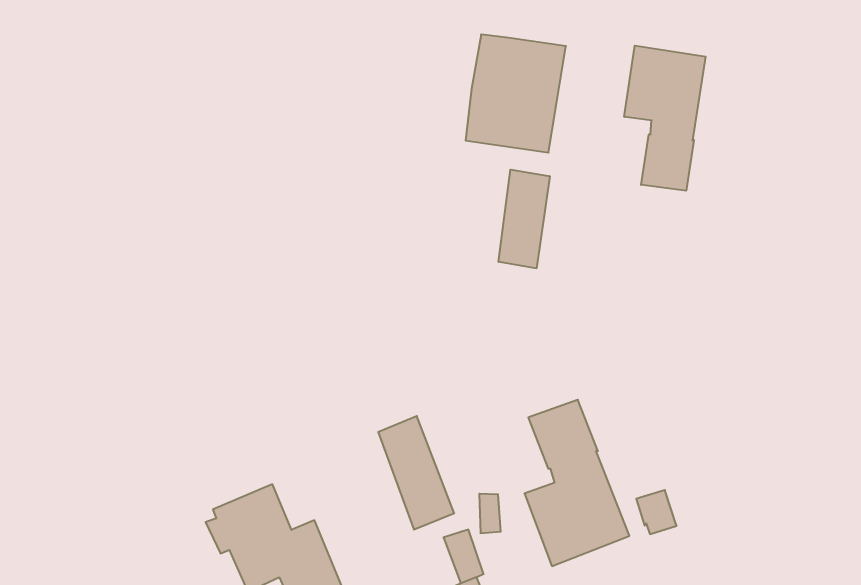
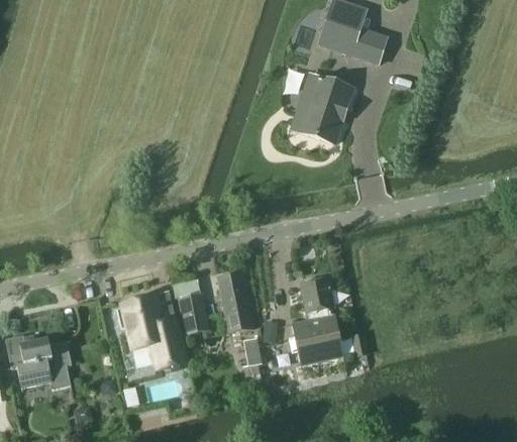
building: [624,46,706,191] -> none
building: [499,170,550,268] -> none
building: none -> [178,293,207,334]

